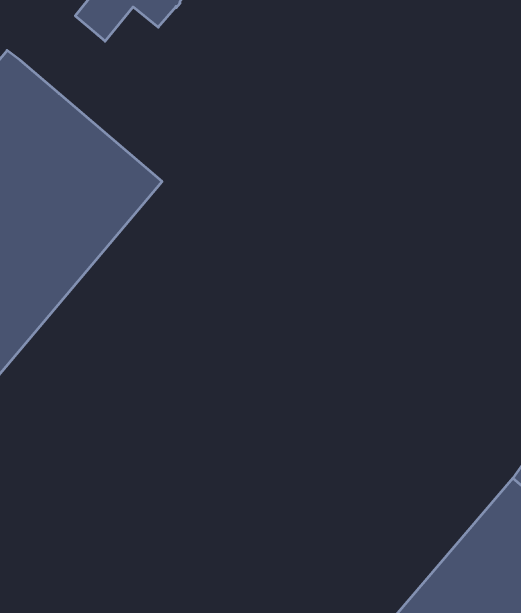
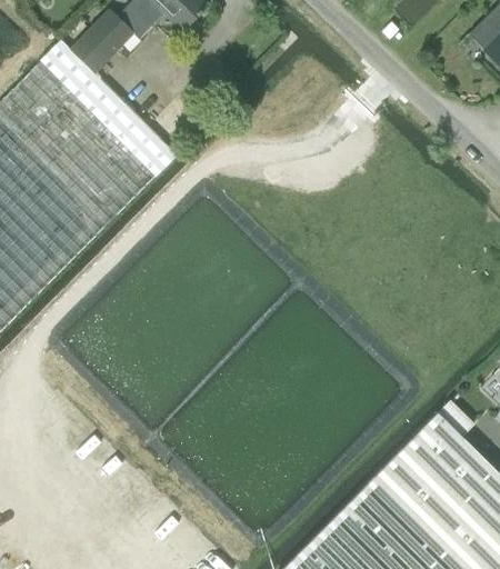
building: none -> [69,11,132,79]

